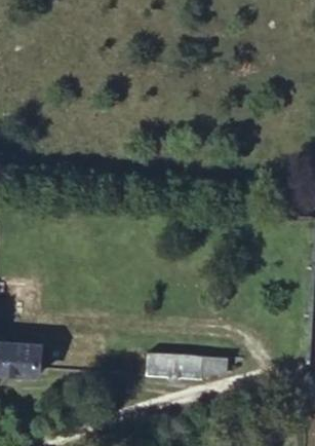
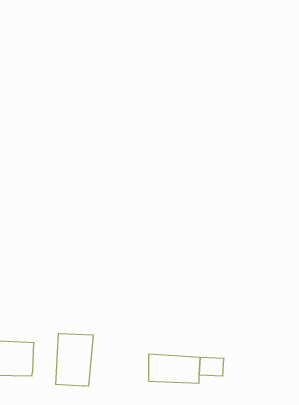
building: none -> [56,333,93,386]

